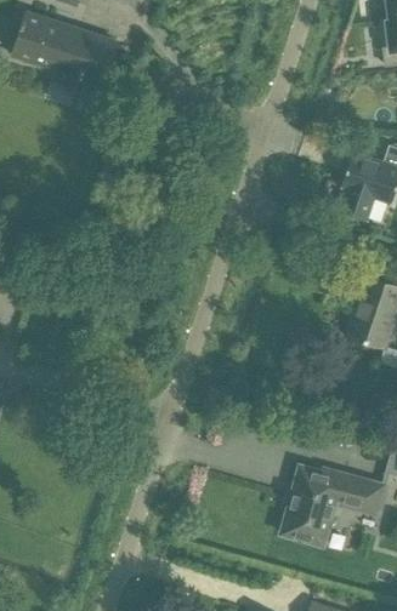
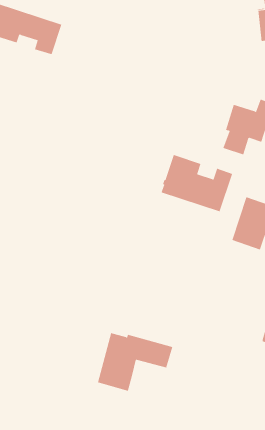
building: none -> [161,154,233,212]
building: [283,467,386,547] -> [97,332,173,392]

